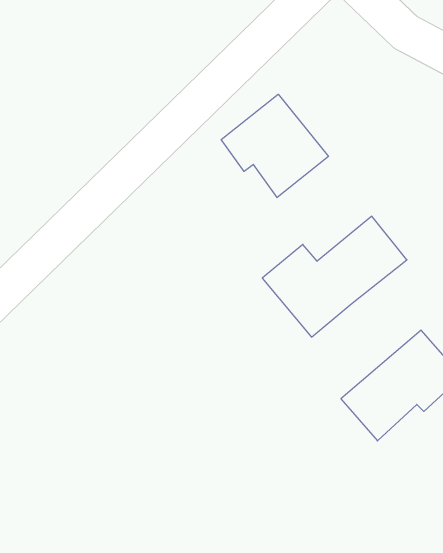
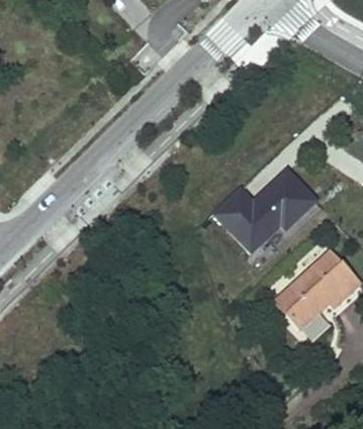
building: [221,94,328,198] -> none

